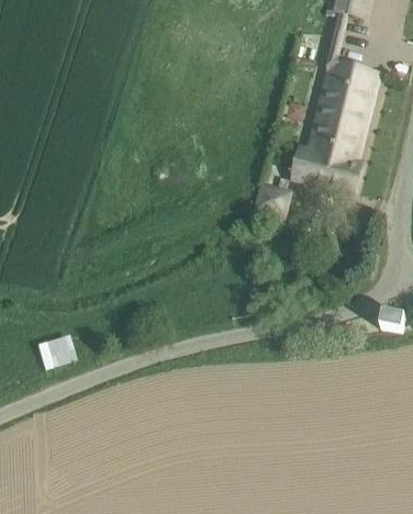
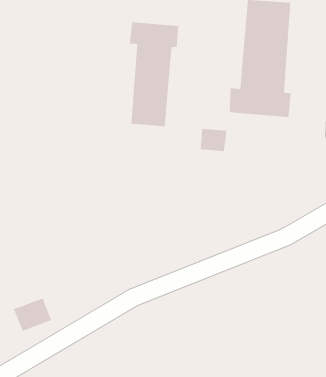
building: none -> [129,22,179,127]

